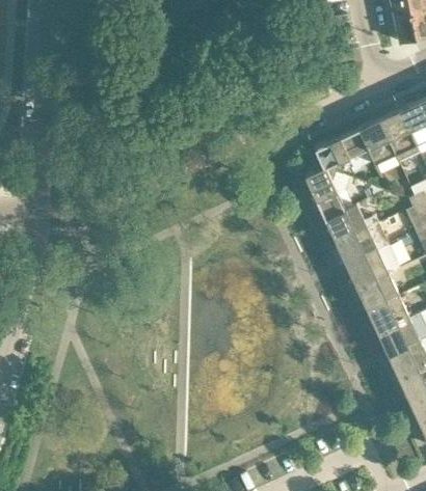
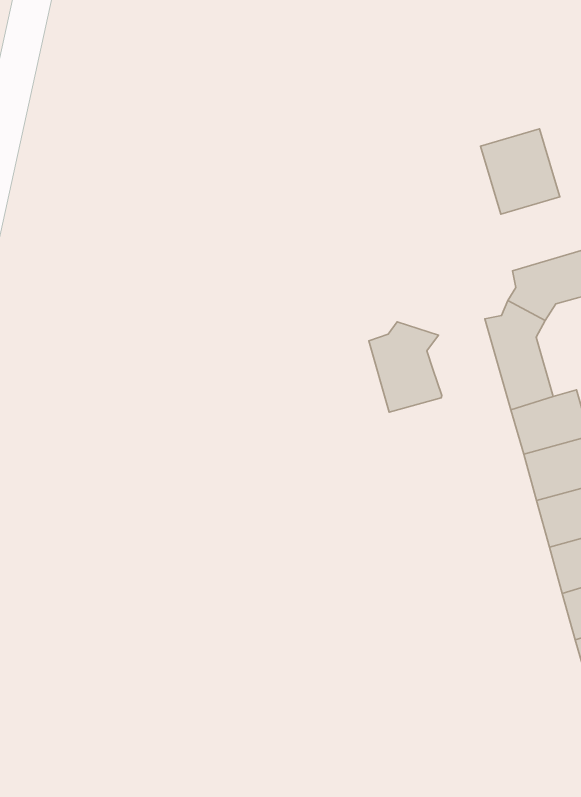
building: none -> [481,129,560,214]
building: none -> [369,322,442,412]

